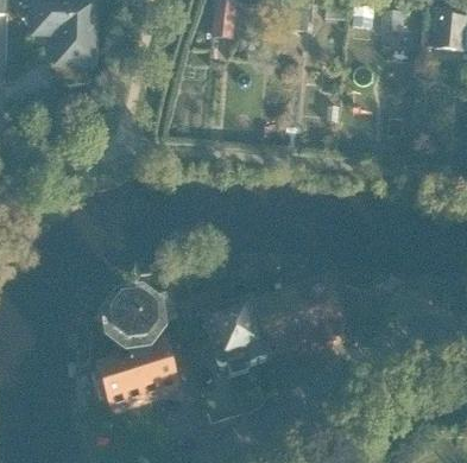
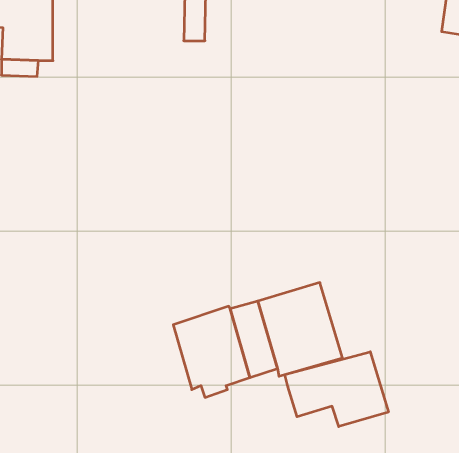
building: [95,283,182,411] -> none
building: none -> [285,352,388,427]

